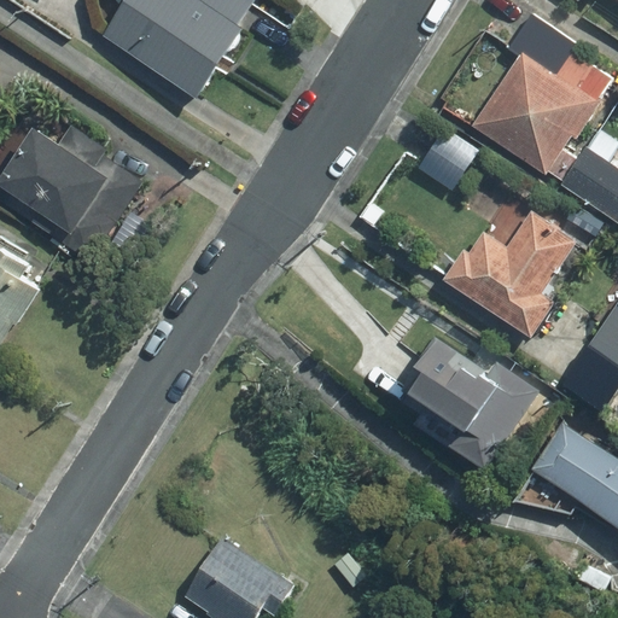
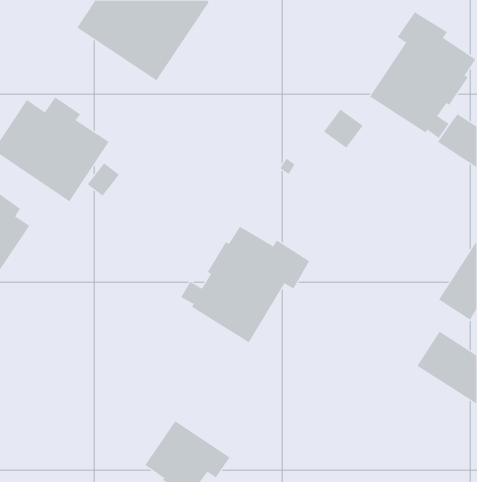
building: [445,211,575,334] -> none
building: none -> [180,226,310,343]
building: [409,338,537,466] -> none

